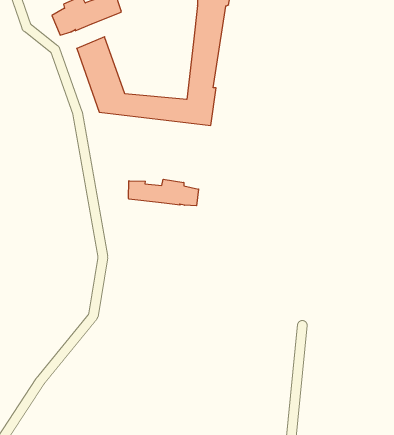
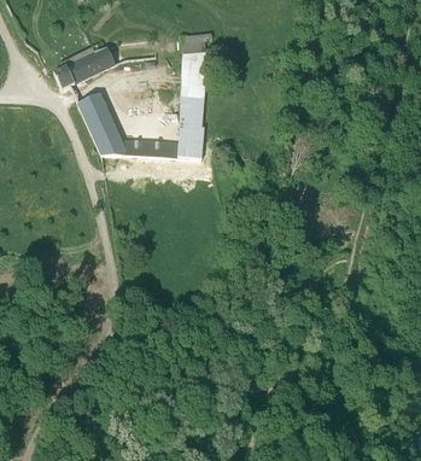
building: [128,179,199,206] -> none

